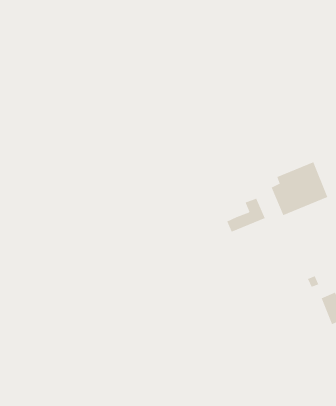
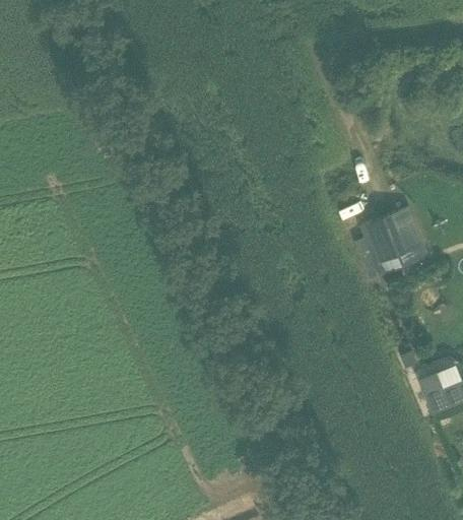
building: [226,198,265,232] -> none

